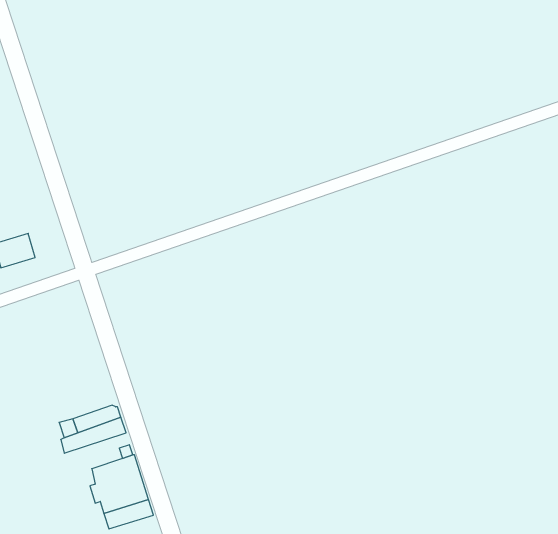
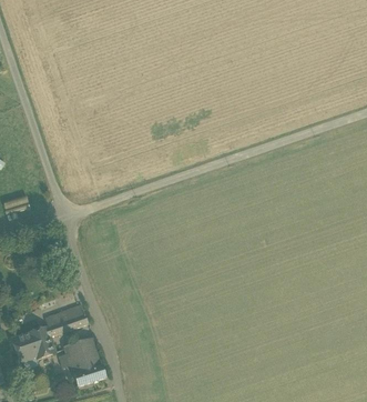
building: none -> [8,325,49,361]

